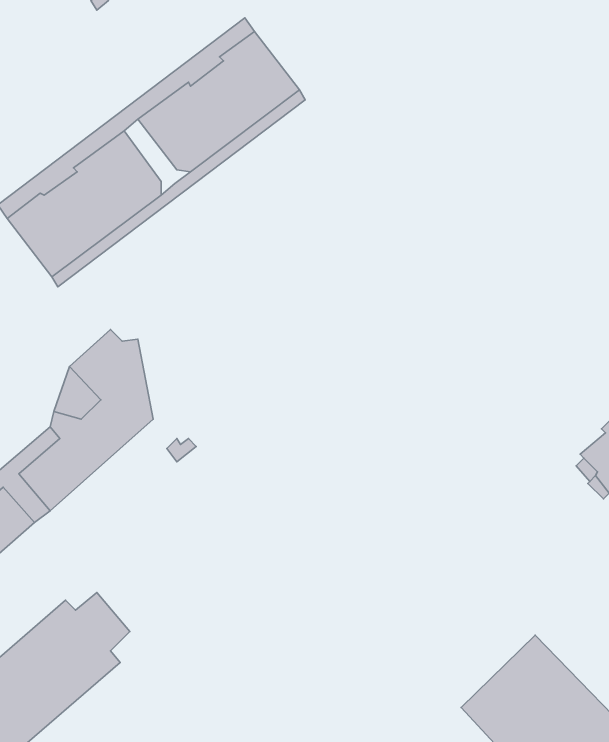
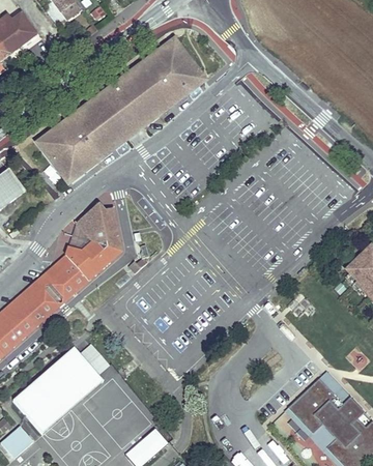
building: none -> [105,93,140,134]

